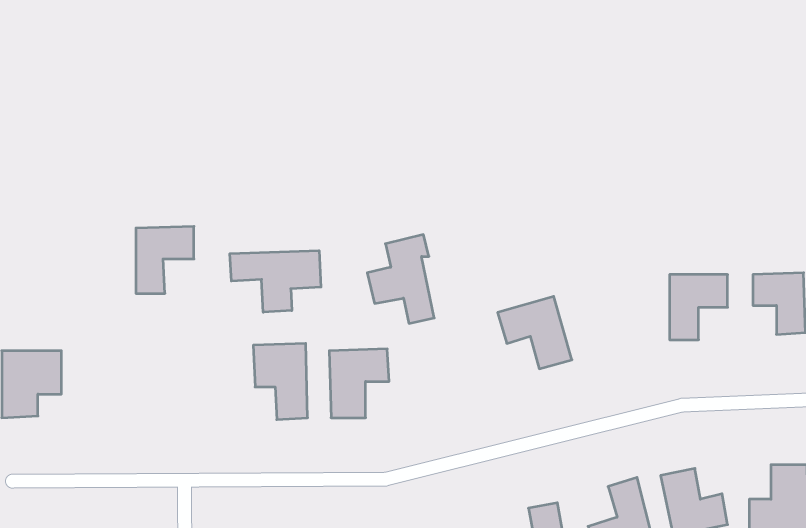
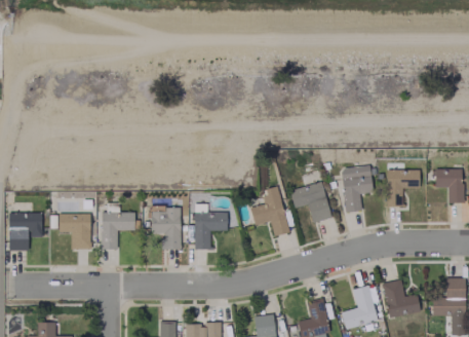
building: [136,226,194,293] -> [102,212,134,250]
building: [367,235,434,323] -> [250,186,288,236]
building: [230,251,321,312] -> none
building: none -> [341,165,373,213]
building: none -> [58,213,91,249]

